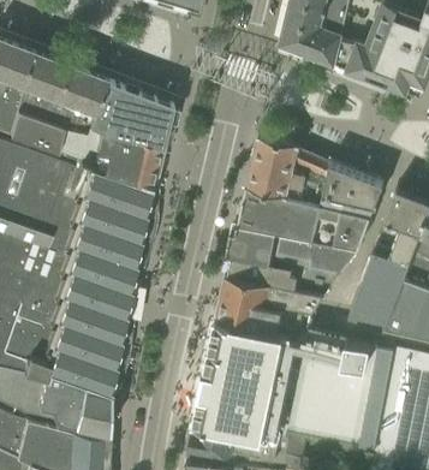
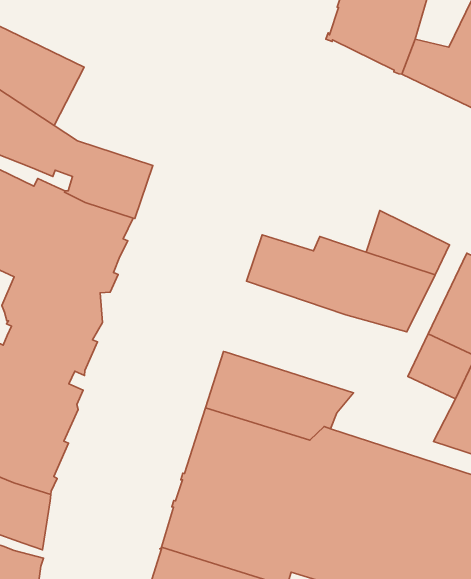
building: [88,79,172,147] -> none
building: [246,137,330,198] -> none
building: [226,225,358,299] -> none
building: [350,284,398,329] -> none

